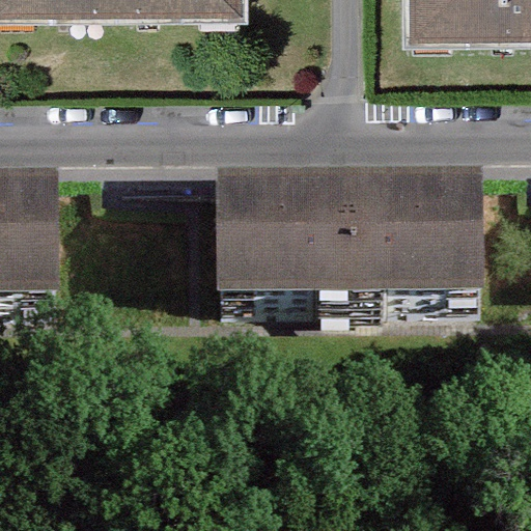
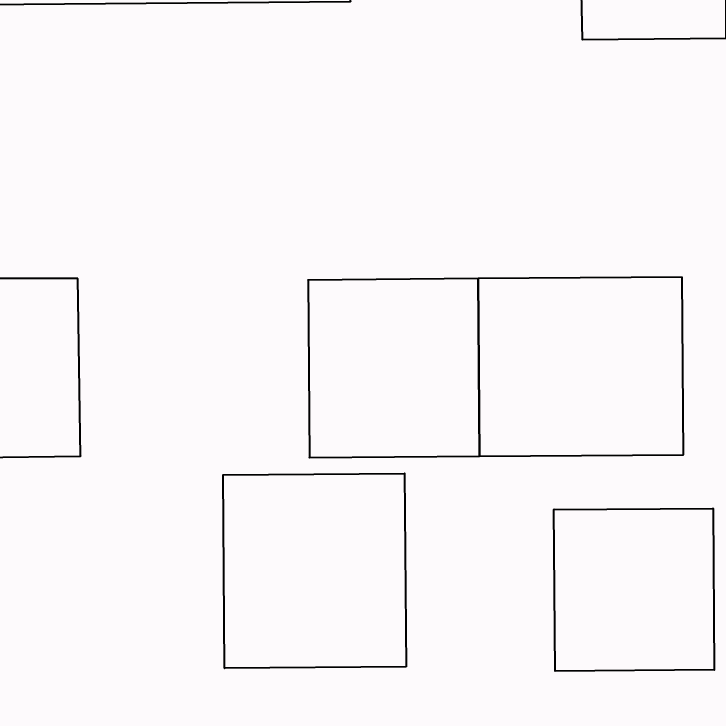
building: none -> [223,473,406,668]
building: none -> [554,508,714,671]

